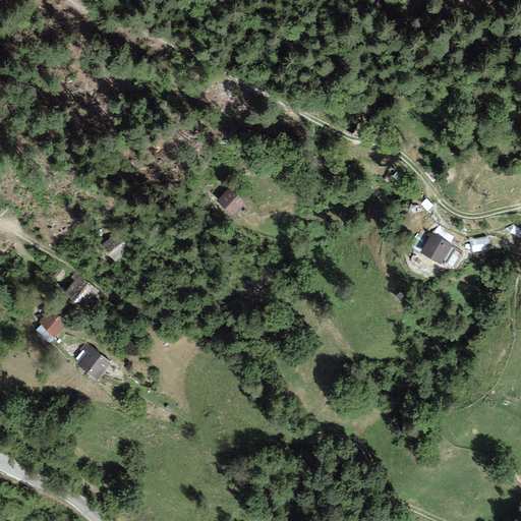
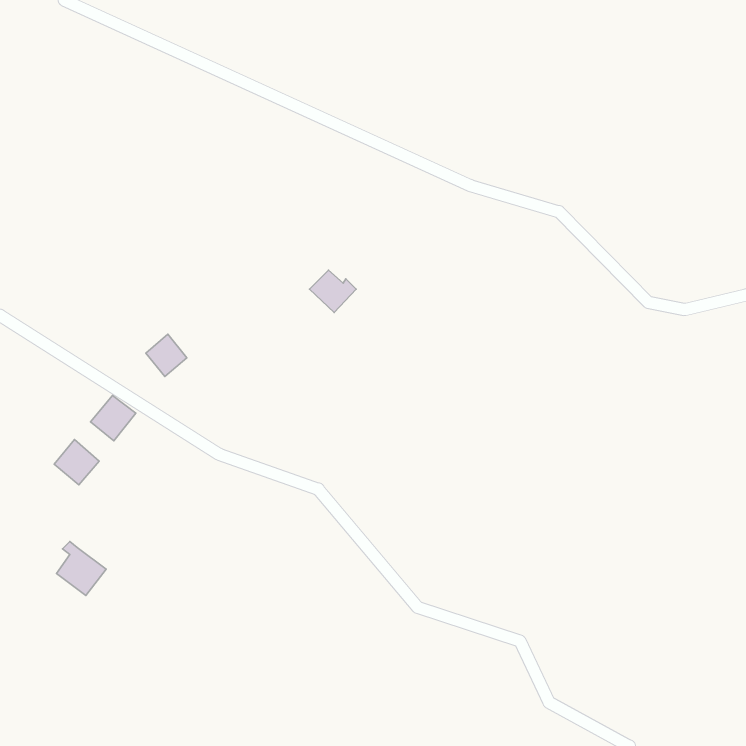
building: [420,233,453,266] -> none
building: [77,343,112,381] -> [57,542,106,596]

